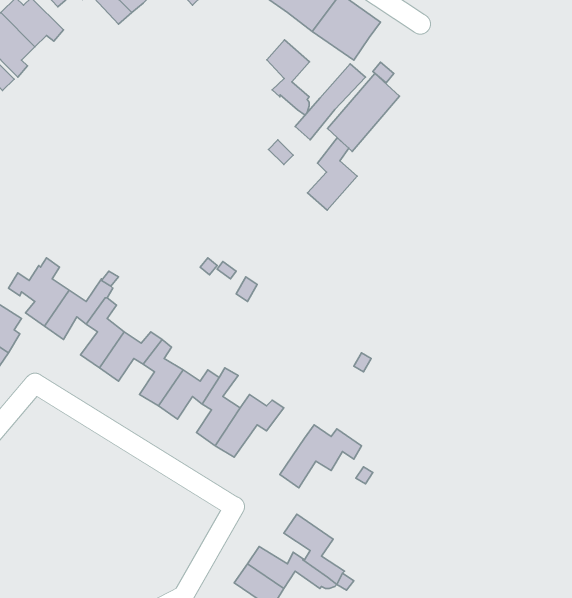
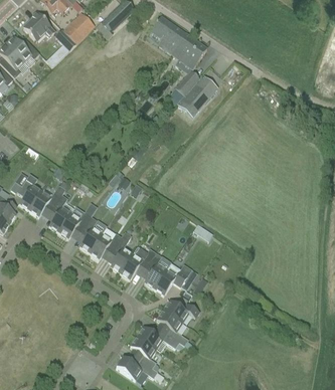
building: [267,40,309,115] -> none
building: [307,138,357,210] -> none
building: none -> [144,252,167,287]
building: none -> [163,299,199,322]

